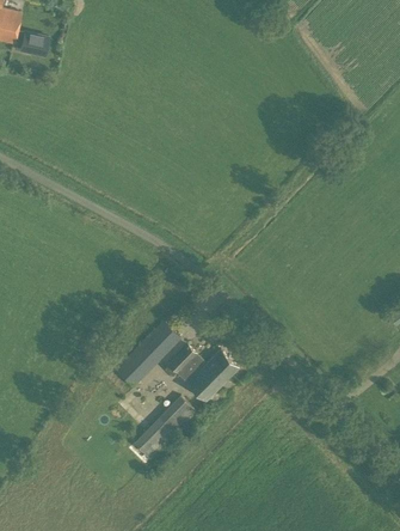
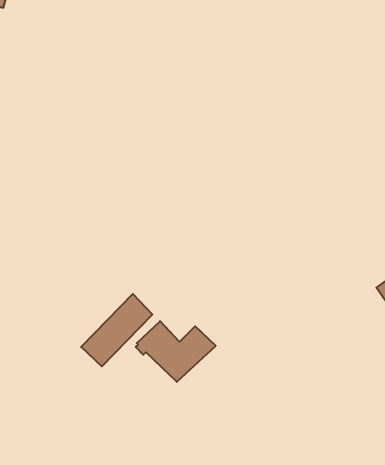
building: [133,396,195,459] -> none

